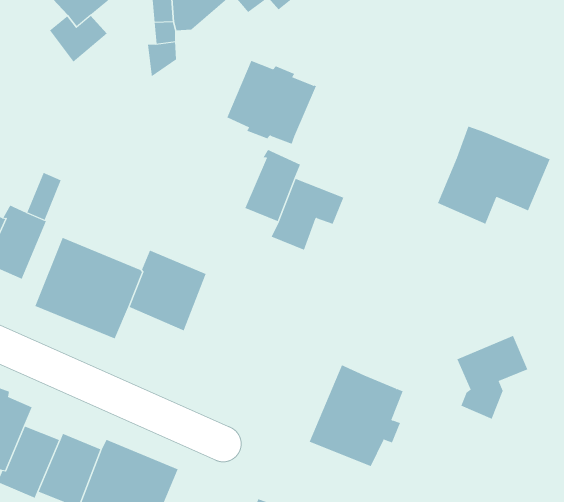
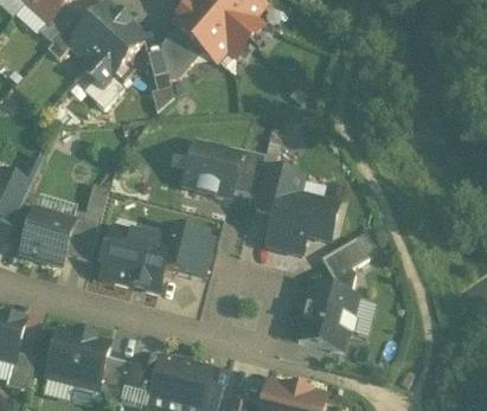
building: [227,60,317,145] -> [184,142,241,194]
building: [437,126,550,225] -> [267,188,338,252]
building: [456,335,528,419] -> [320,236,369,294]

